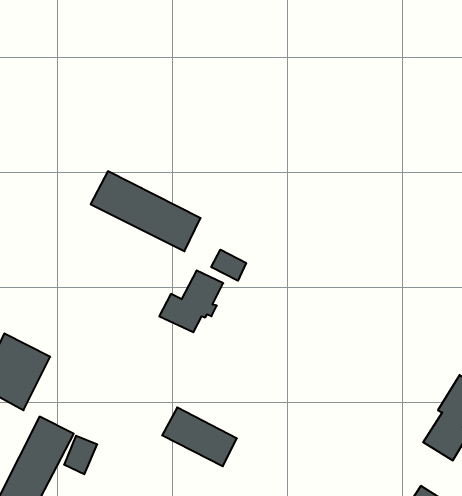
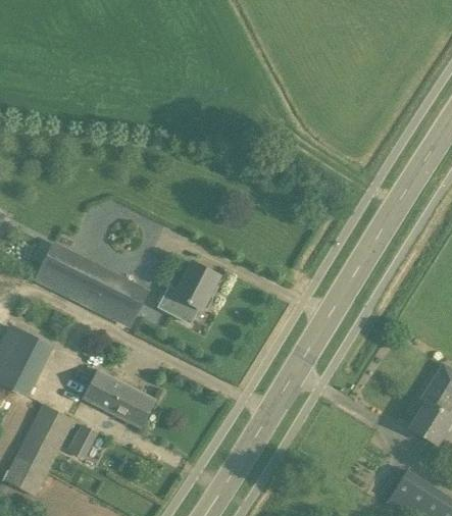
building: [91,171,201,251] -> [40,249,145,325]
building: [211,250,246,281] -> none
building: [162,407,237,466] -> [83,371,154,427]

